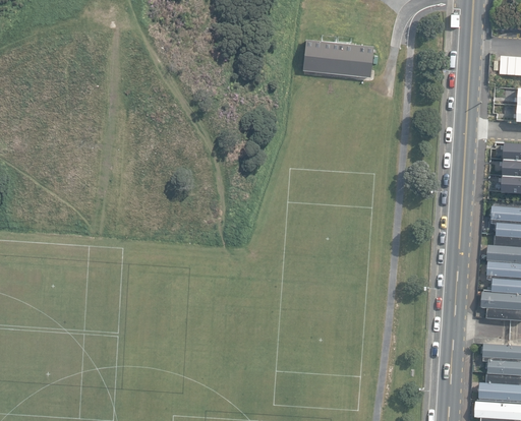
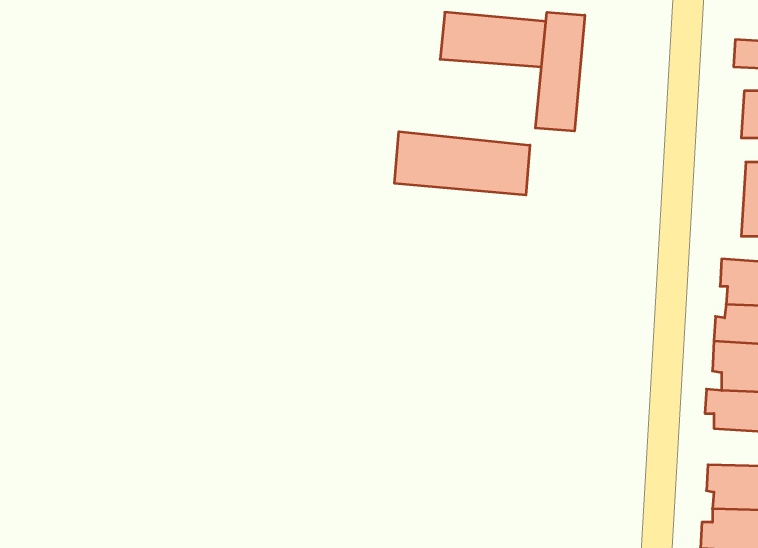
building: none -> [535,12,585,131]
building: none -> [395,132,530,195]

